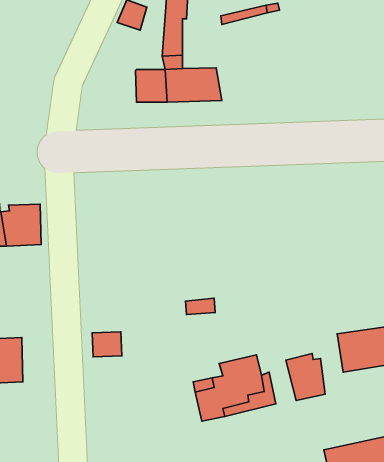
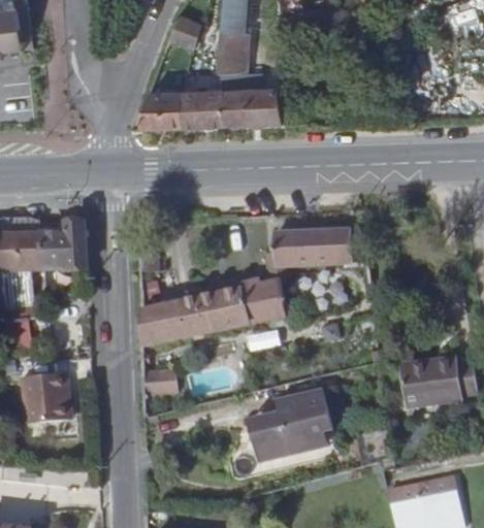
building: none -> [134,86,188,122]
building: none -> [275,229,355,269]
building: none -> [140,282,287,348]
building: [286,354,325,400] -> none

